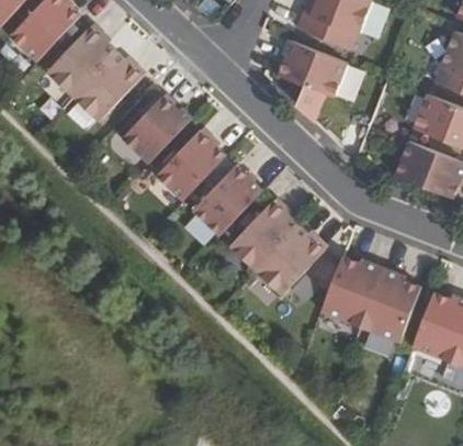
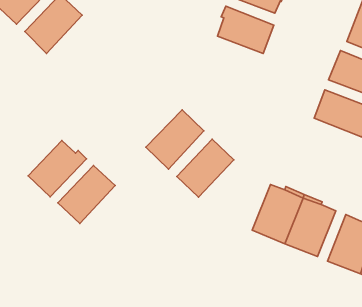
building: [72,51,143,122] -> none
building: [122,96,192,164] -> [28,140,87,197]
building: [156,131,225,201] -> [58,165,115,224]
building: [256,225,326,297] -> none

